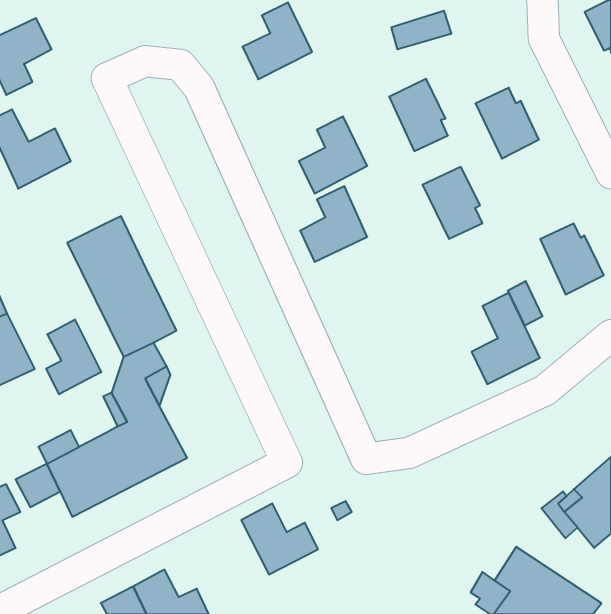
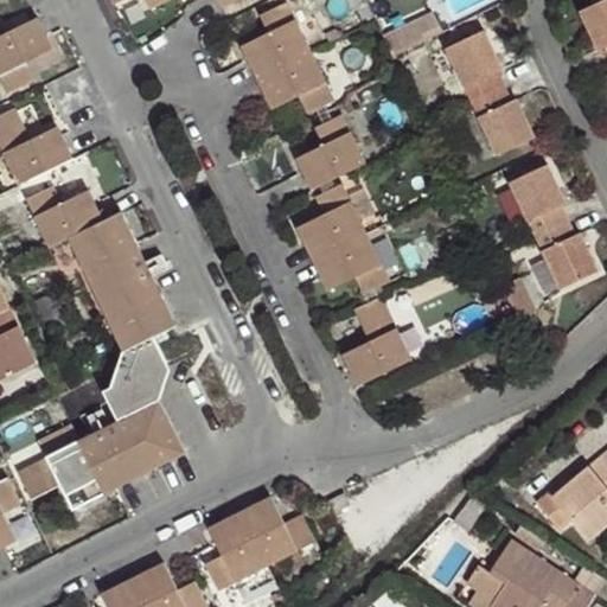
building: none -> [255,51,333,115]
building: [389,79,448,151] -> [445,31,503,102]
building: [422,167,482,239] -> [507,165,567,236]
building: none -> [25,187,102,248]
building: none -> [311,234,388,295]
building: [472,293,540,384] -> [341,296,409,386]
building: [46,319,101,394] -> none
building: none -> [203,513,266,592]

